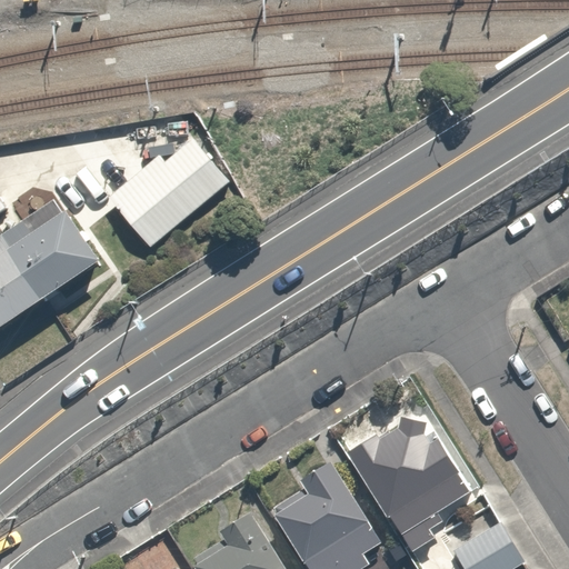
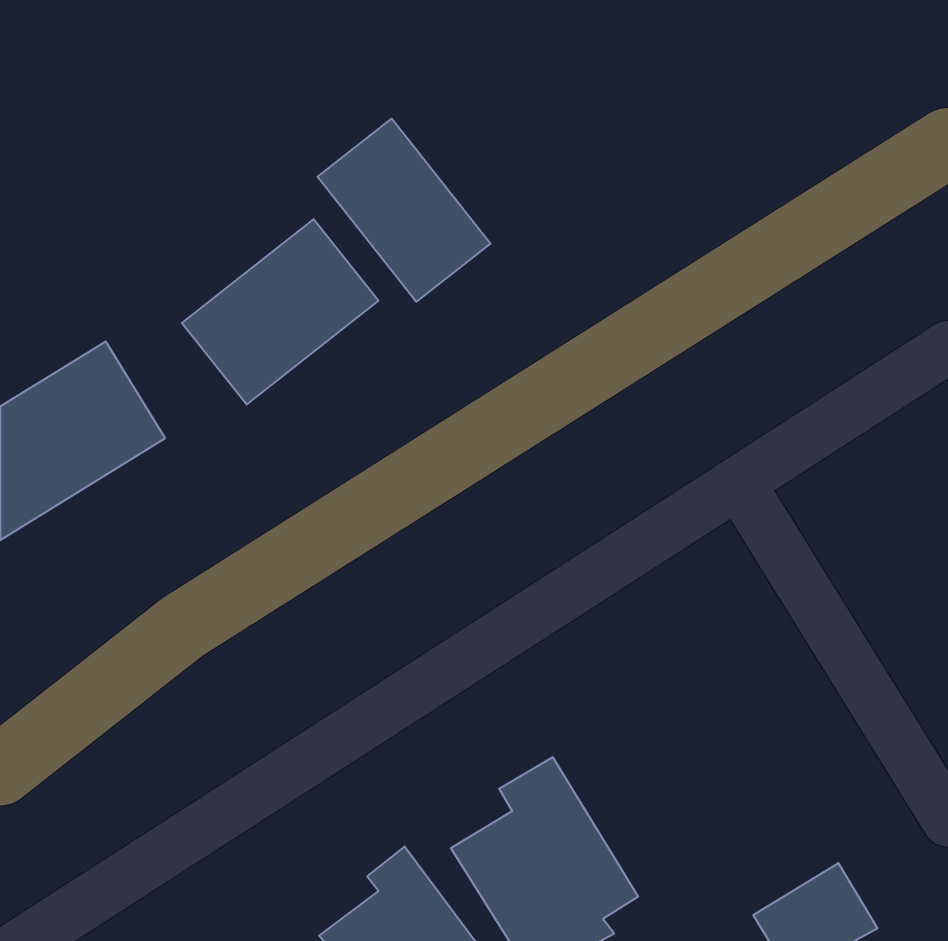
building: none -> [318,119,490,302]
building: [343,405,472,550] -> none

